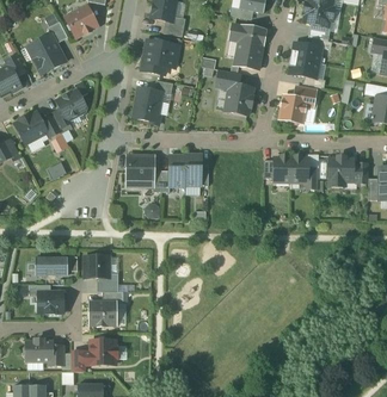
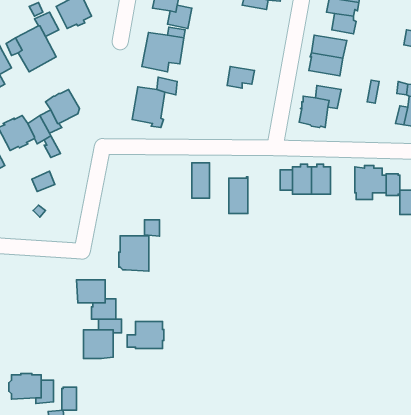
building: [229,24,265,69] -> none
building: [225,83,253,114] -> none
building: [168,154,185,186] -> [229,177,248,214]
building: [127,156,153,187] -> [119,236,149,271]
building: [35,256,68,275] -> none
building: [38,291,63,312] -> none
building: [84,340,116,364] -> [127,321,164,349]

